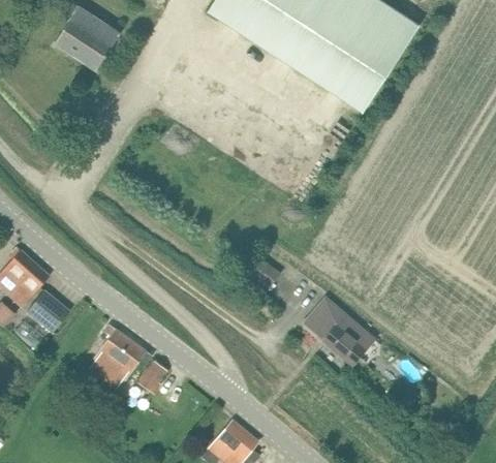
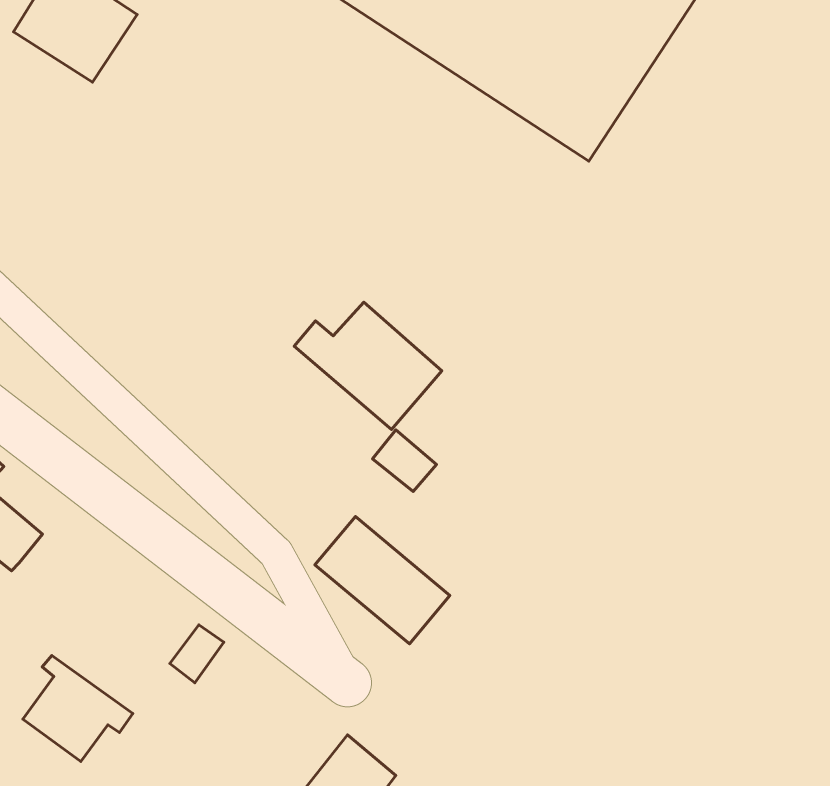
building: none -> [294,302,442,430]
building: [304,298,376,366] -> [315,516,450,644]
building: [94,325,153,381] -> [23,655,133,762]

